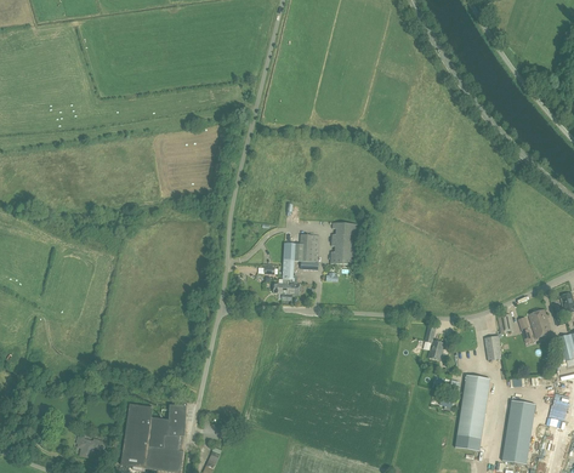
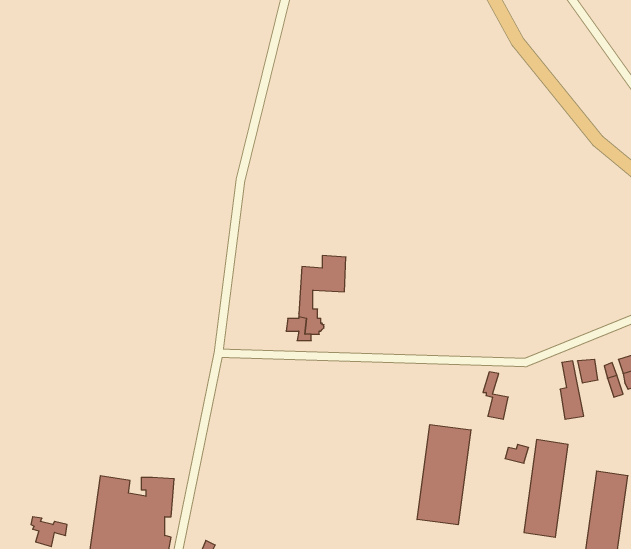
building: [329,223,356,266] -> none
building: none -> [417,425,471,525]

